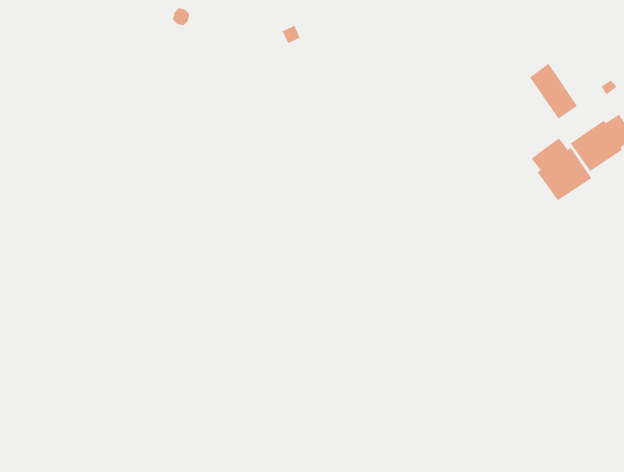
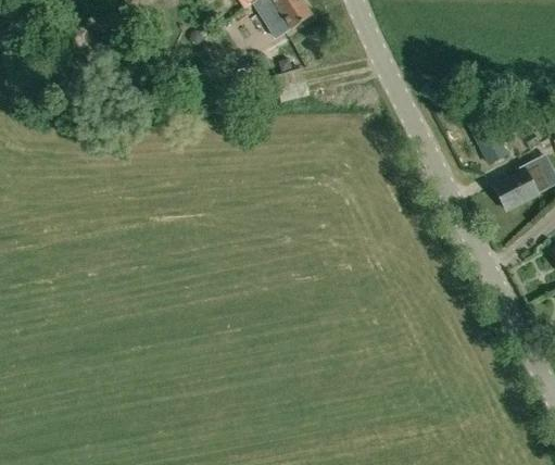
building: [531,138,592,201] -> none

